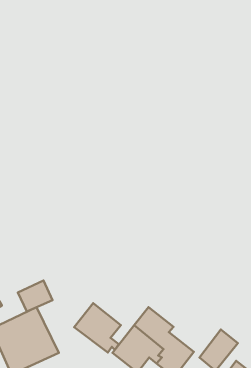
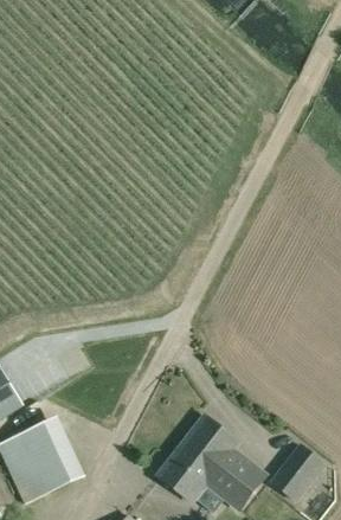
building: [18,280,53,311] -> none
building: [74,303,121,353] -> none

